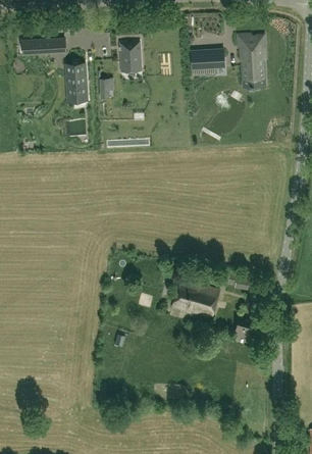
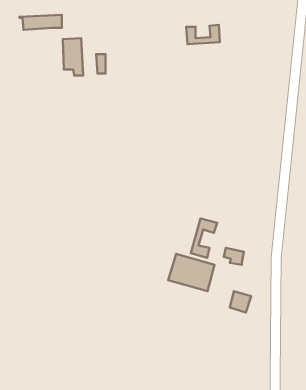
building: [237,36,264,87] -> none
building: [118,43,141,73] -> none
building: none -> [191,218,217,258]

